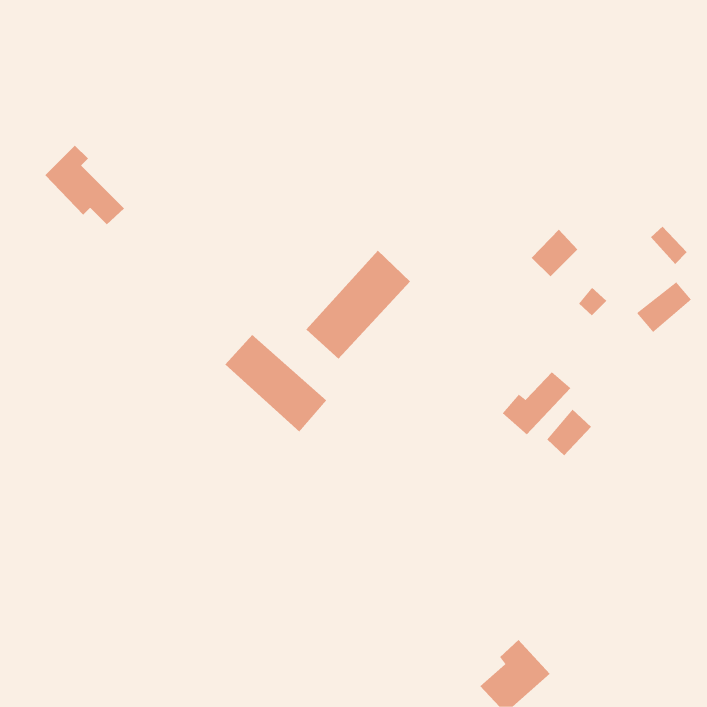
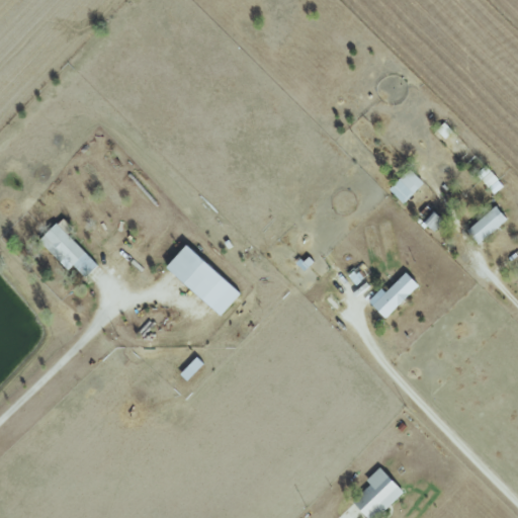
building: [44,145,125,225] -> [39,218,98,276]
building: [306,250,411,359] -> none
building: [546,409,592,456] -> none

